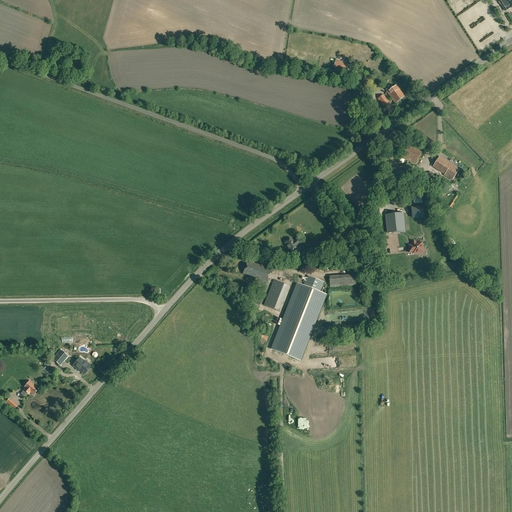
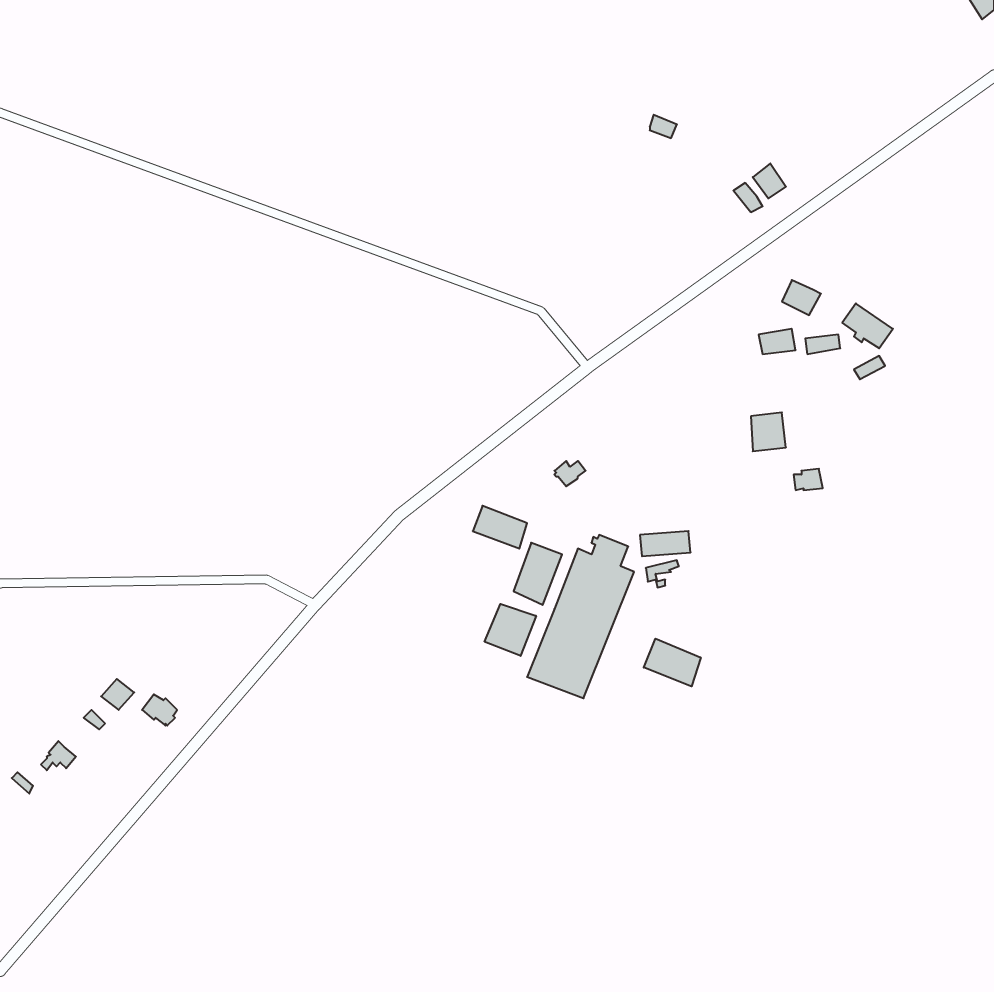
building: none -> [485,604,536,656]
building: none -> [644,639,701,686]

